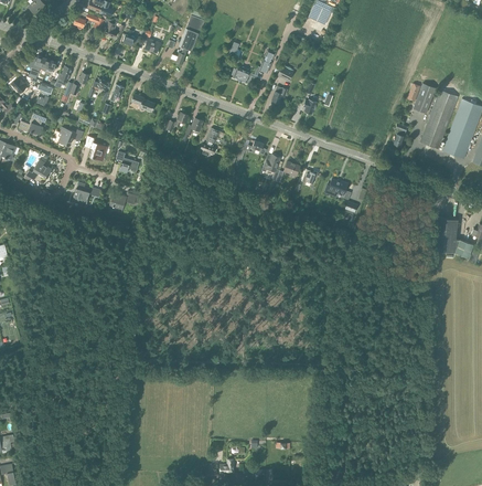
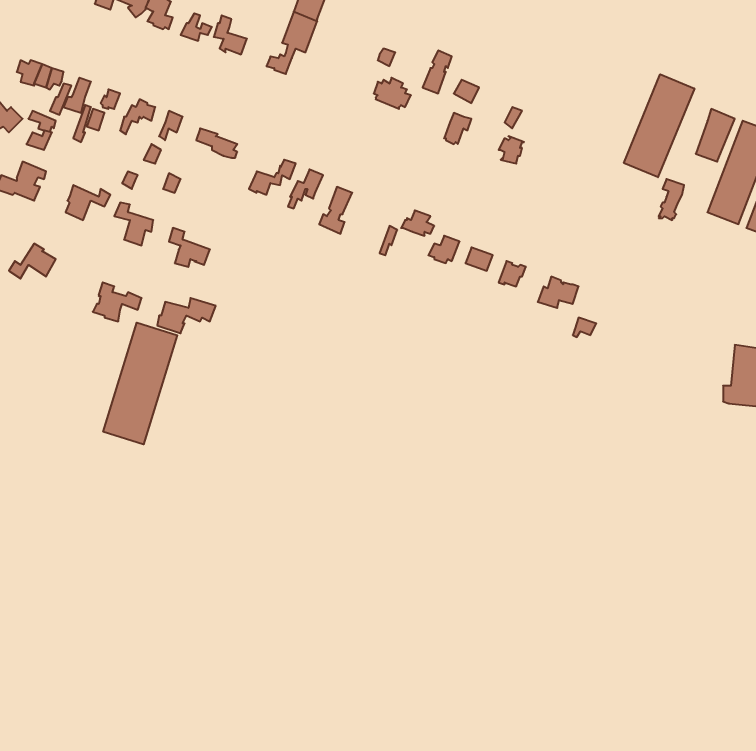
building: none -> [624,74,694,177]
building: none -> [103,323,177,444]

